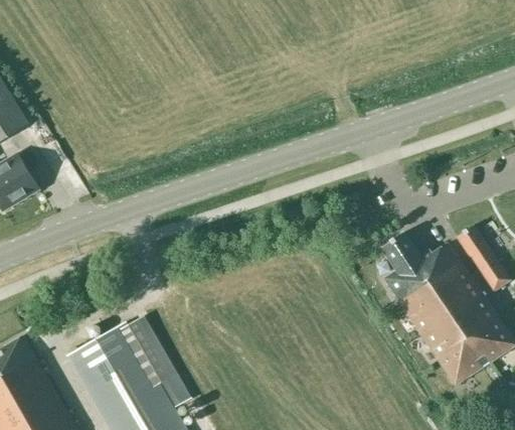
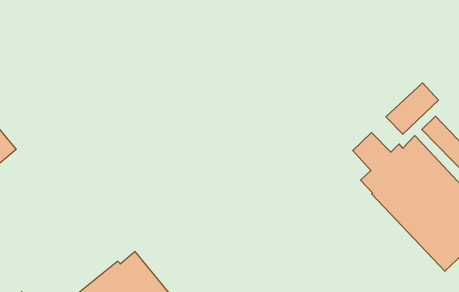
building: none -> [386,83,438,134]

